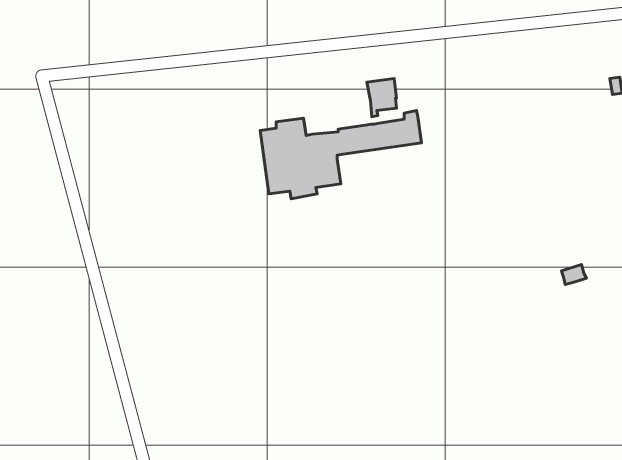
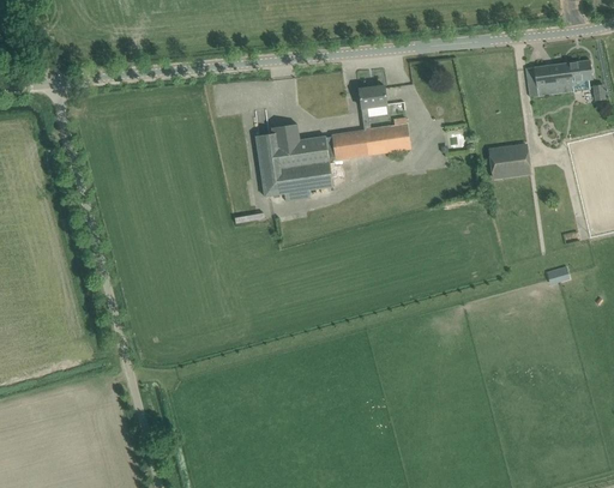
building: none -> [525,59,591,96]
building: none -> [487,143,530,180]

